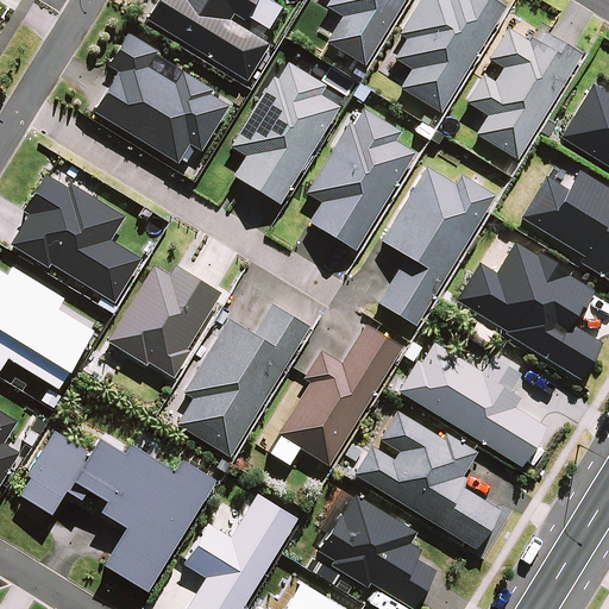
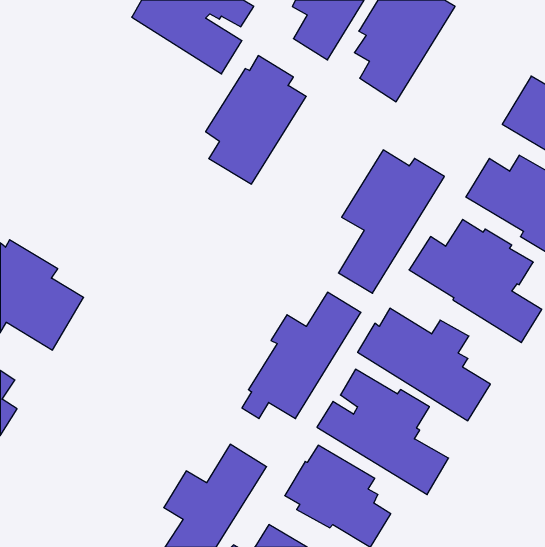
building: [466,29,584,162] -> none
building: [95,33,232,164] -> none
building: [307,109,416,251] -> none
building: [13,174,144,303] -> none
building: [107,264,222,378] -> none
building: [178,303,310,457] -> none
building: [20,431,216,591] -> none

